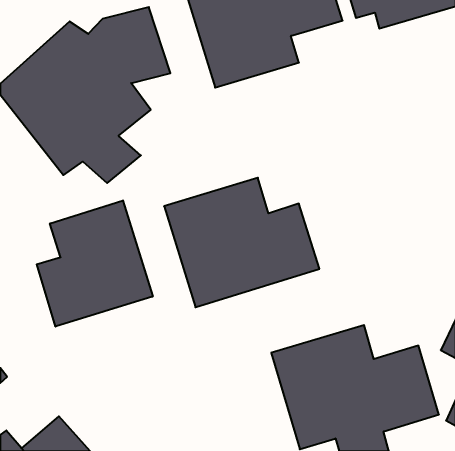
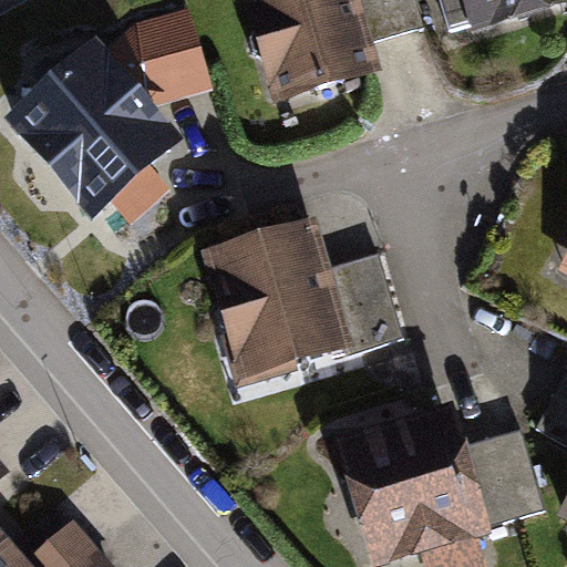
building: [37,200,153,327] -> none

